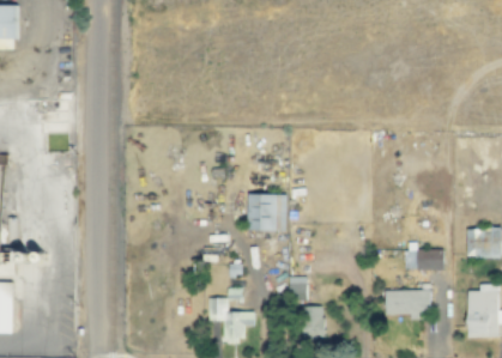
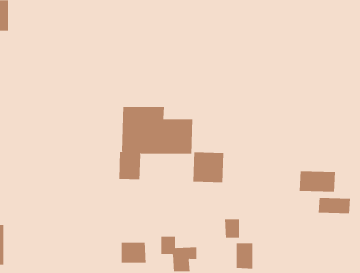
building: none -> [119,106,193,180]
building: [387,289,433,315] -> [299,171,336,192]
building: none -> [121,242,146,264]

